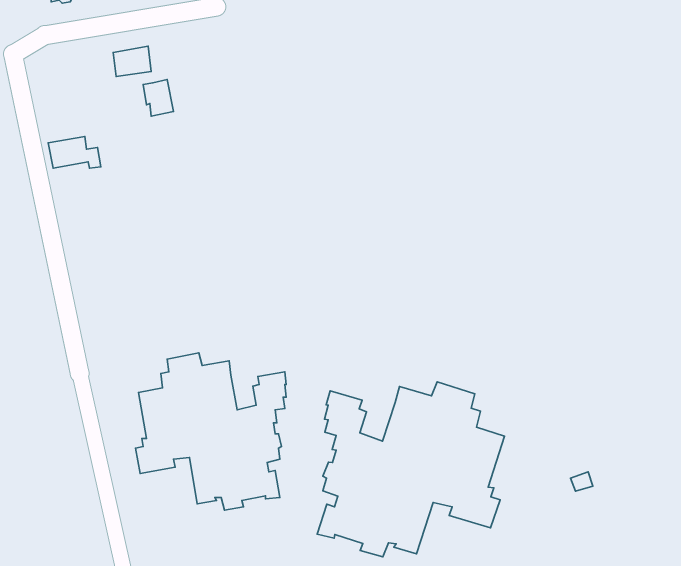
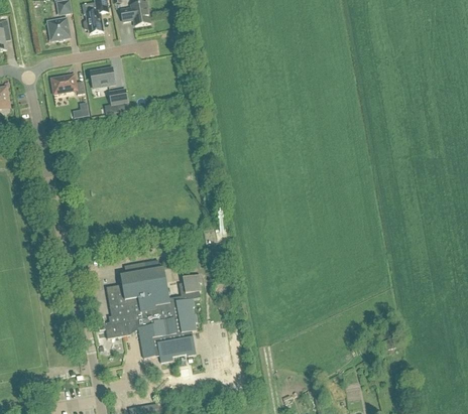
building: [48,137,101,168] -> [50,74,84,94]
building: [317,382,505,557] -> none

